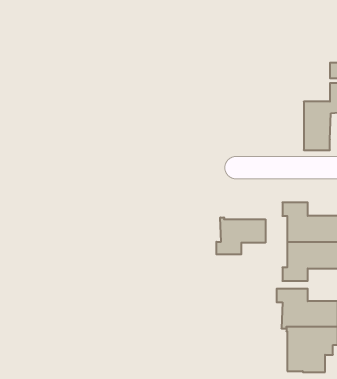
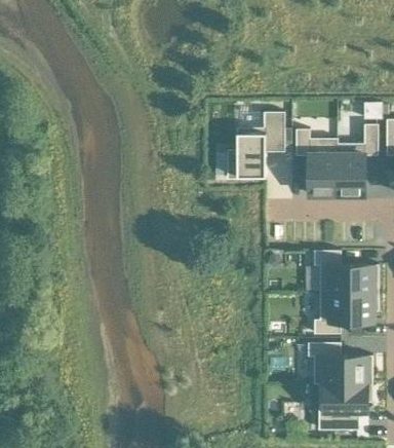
building: none -> [227,111,291,178]
building: none -> [296,128,338,194]
building: [216,217,265,254] -> none

